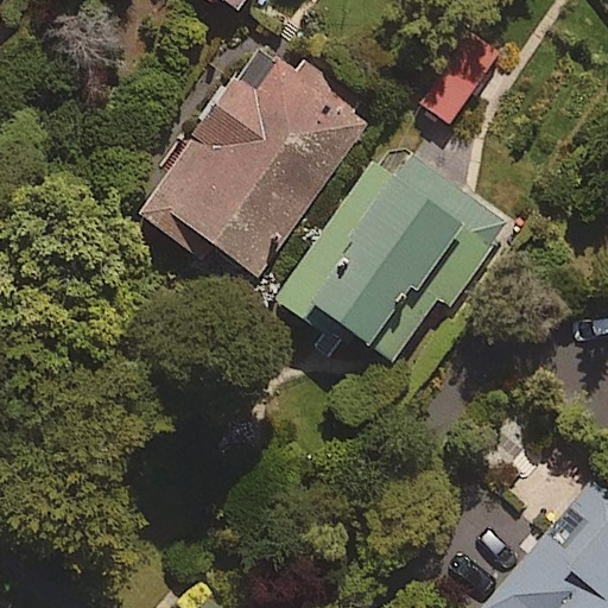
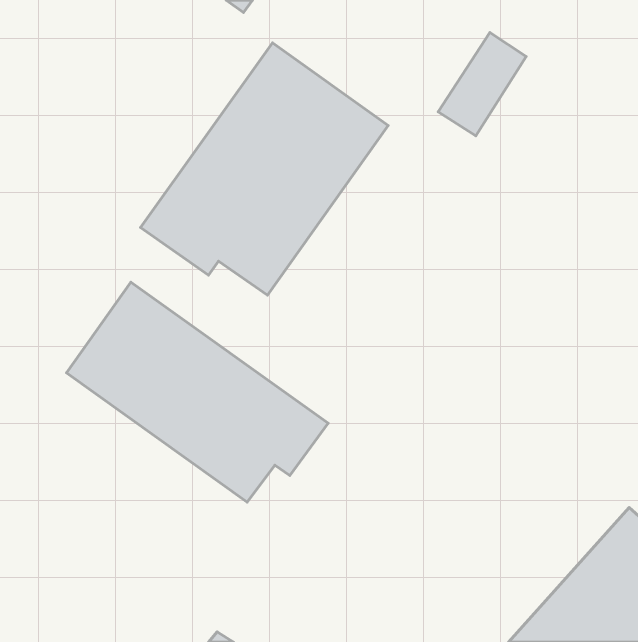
building: [276,156,508,365] -> none
building: none -> [66,282,328,502]

